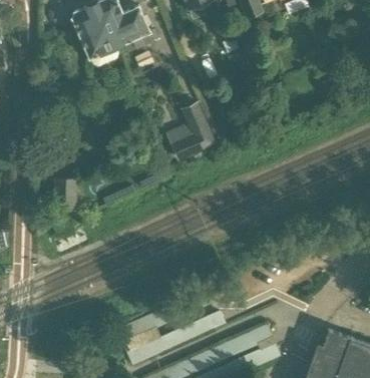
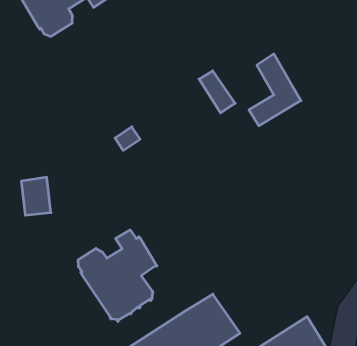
building: [167,101,211,157] -> [249,54,301,126]
building: none -> [78,230,157,322]

